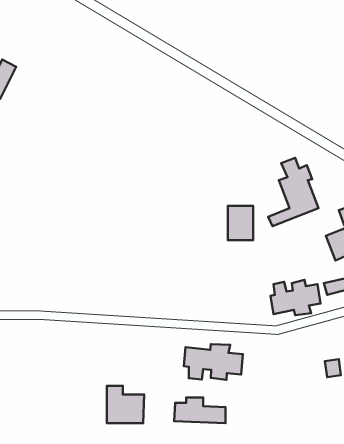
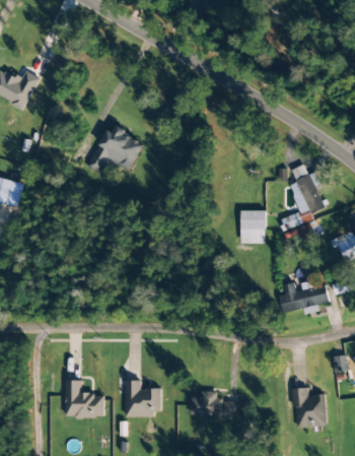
building: none -> [86,124,143,173]
building: [184,344,243,380] -> none
building: none -> [66,380,103,416]
building: none -> [293,387,326,427]

